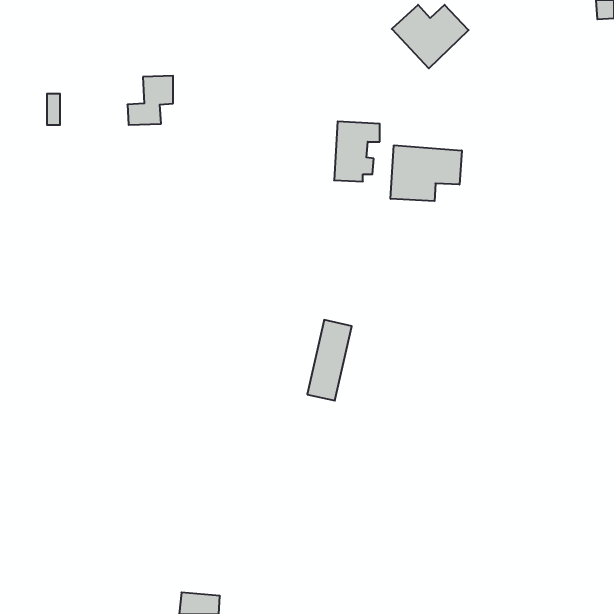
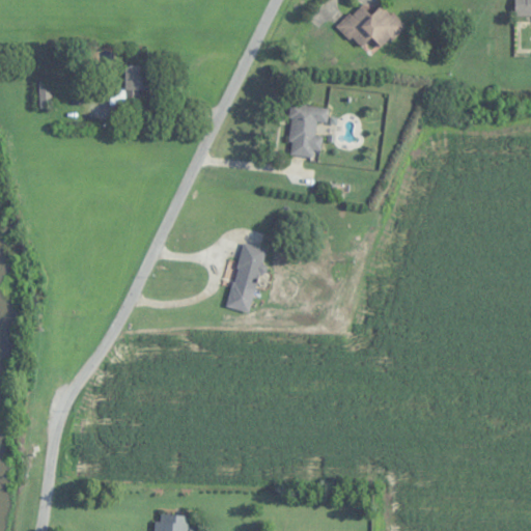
building: [391,145,462,201] -> none
building: [307,320,352,401] -> [227,243,266,312]

